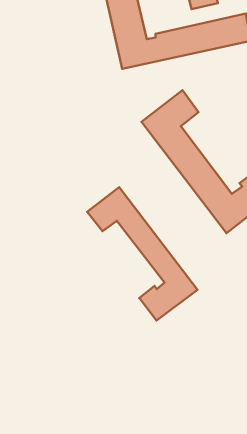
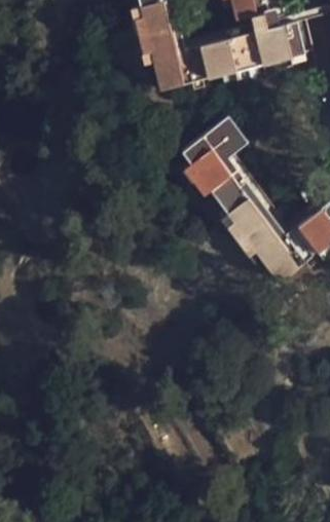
building: [87,187,198,321] -> none

